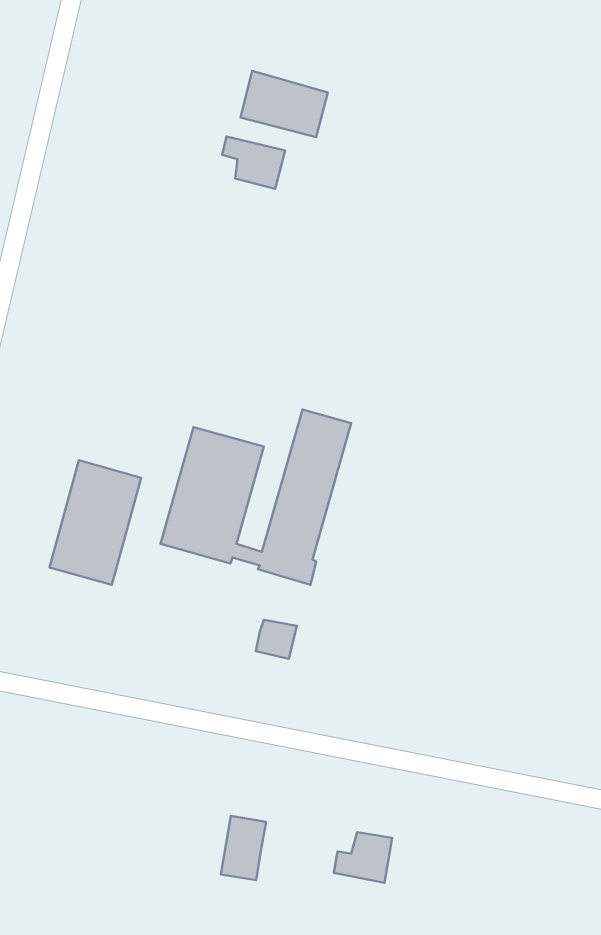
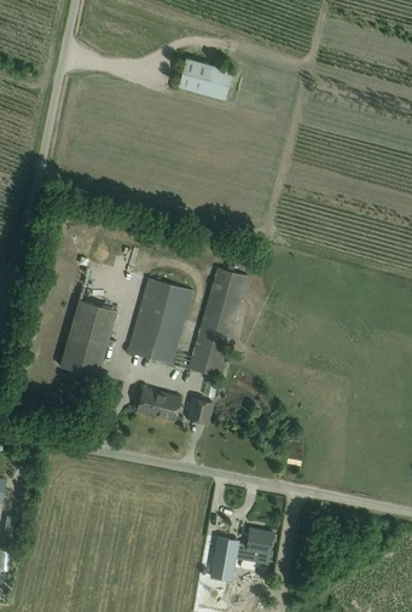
building: [222,136,285,189] -> none
building: none -> [135,388,180,420]
building: [221,816,266,880] -> [210,538,238,578]

